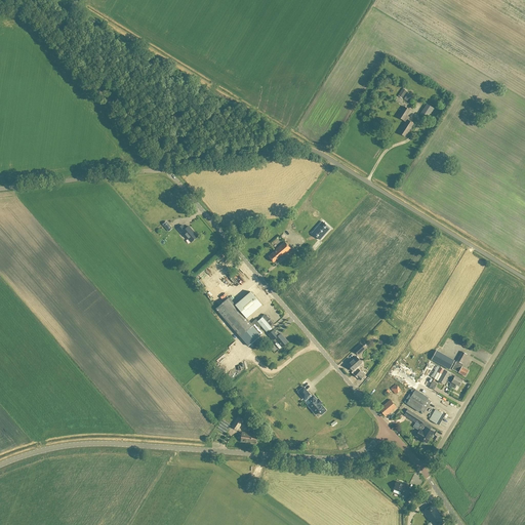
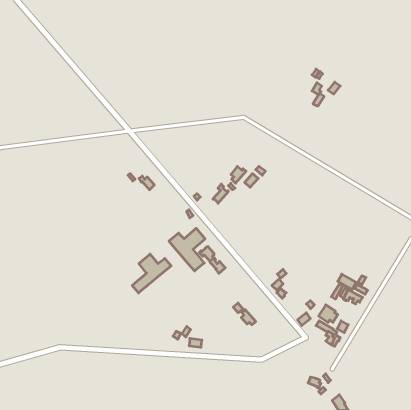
building: none -> [132,254,171,293]

